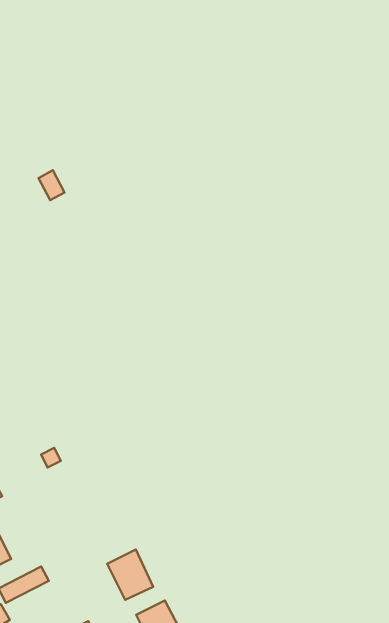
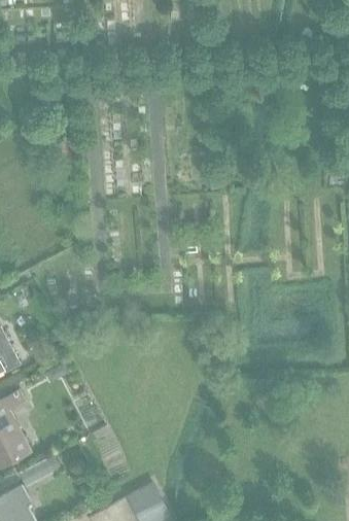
building: [107,549,153,600] -> none

